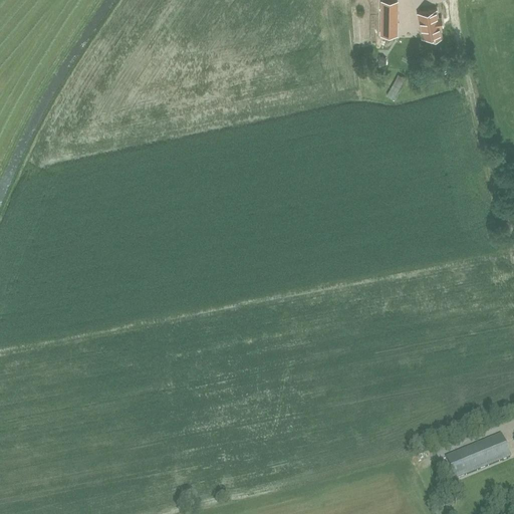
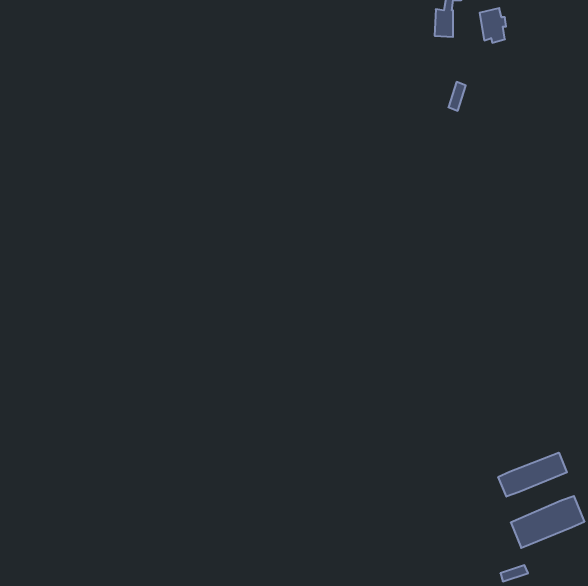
building: none -> [498,453,567,497]

